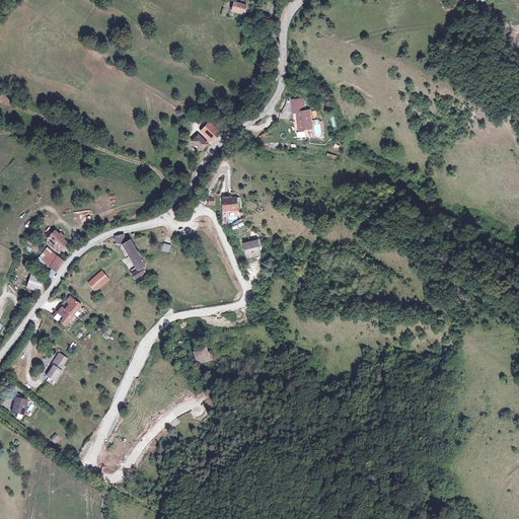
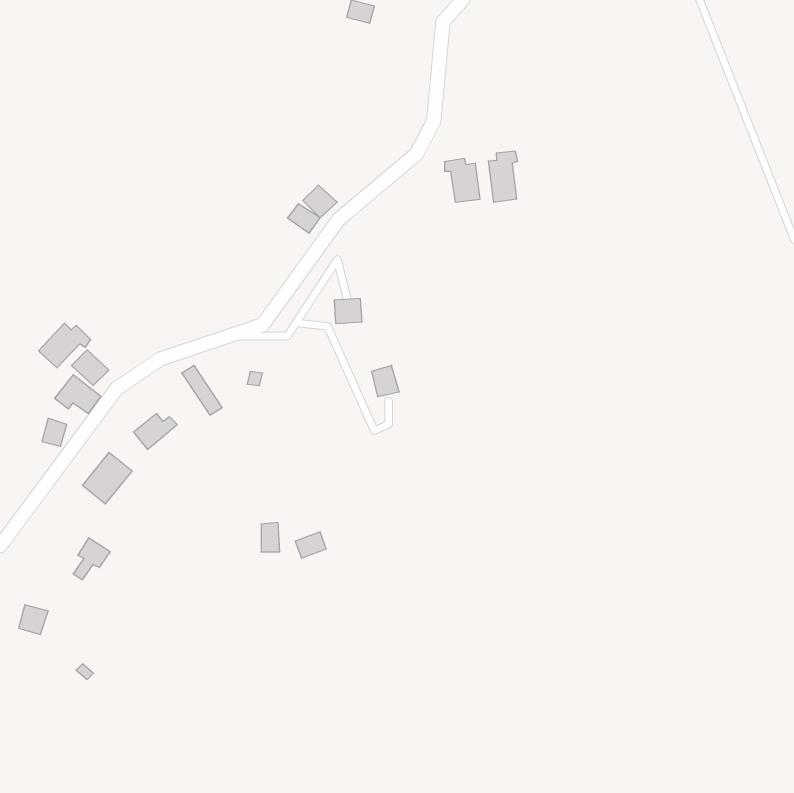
building: none -> [488,151,518,202]
building: none -> [39,323,91,368]

